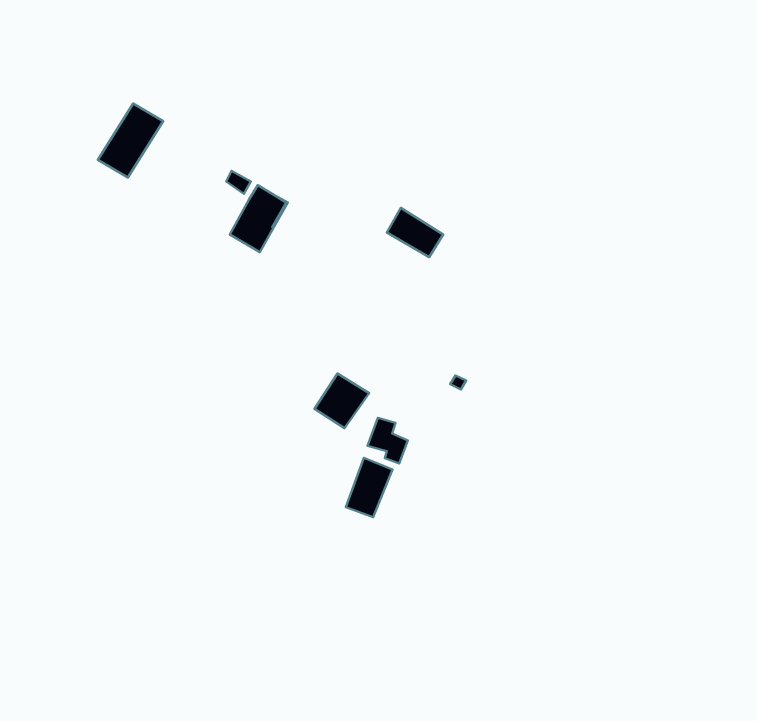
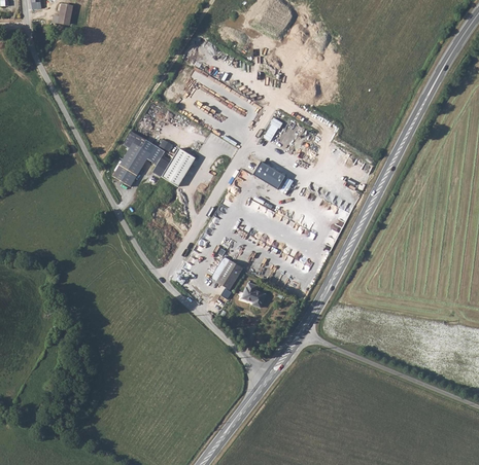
building: [98,104,163,178] -> [112,143,150,186]
building: [346,458,392,517] -> none

